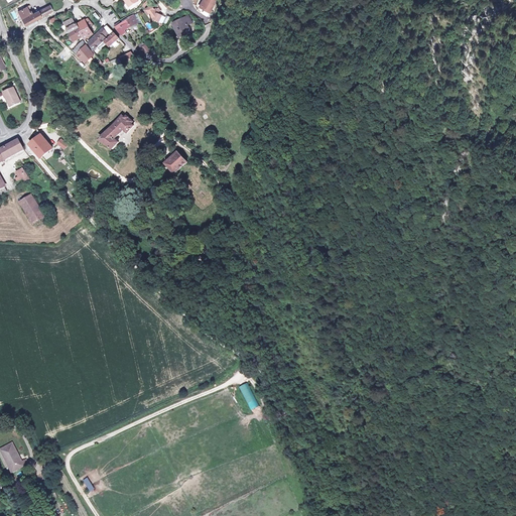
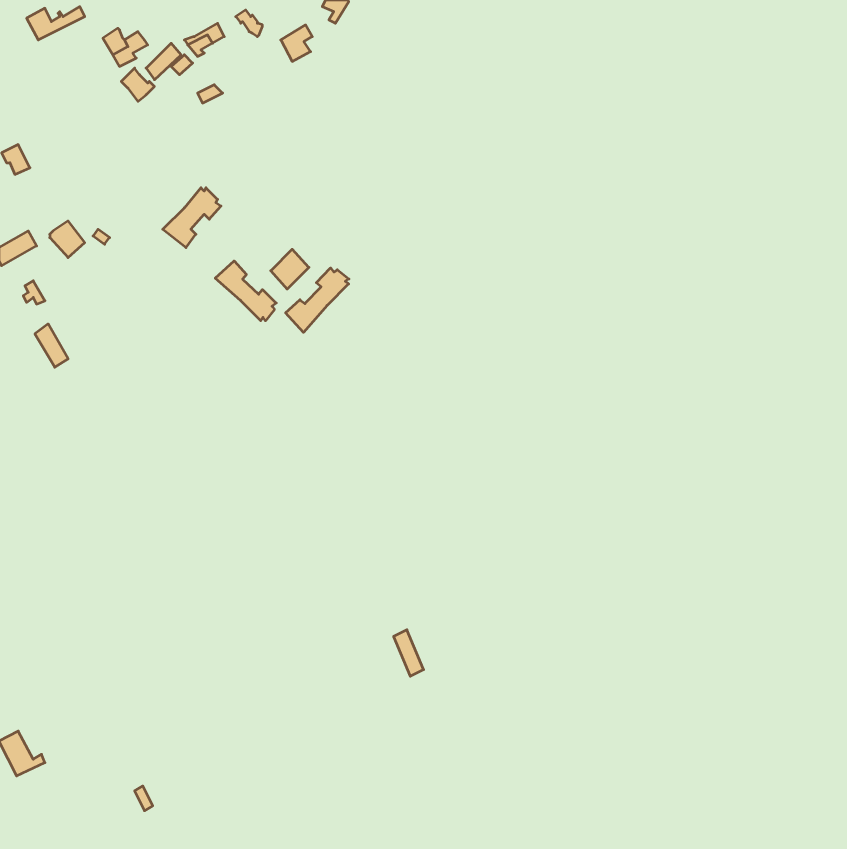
building: none -> [215,261,276,321]
building: none -> [286,268,349,332]

